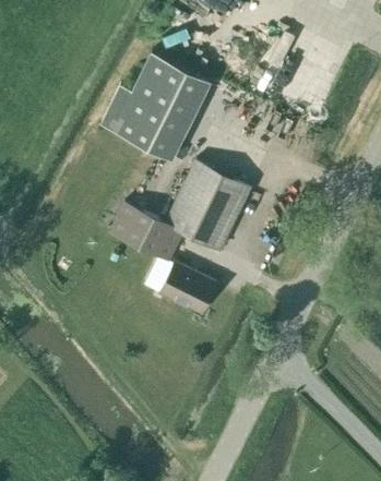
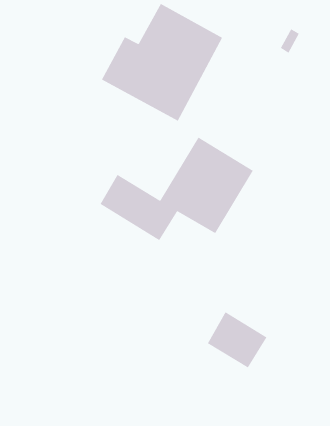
building: [160,265,216,316] -> [207,311,267,368]

